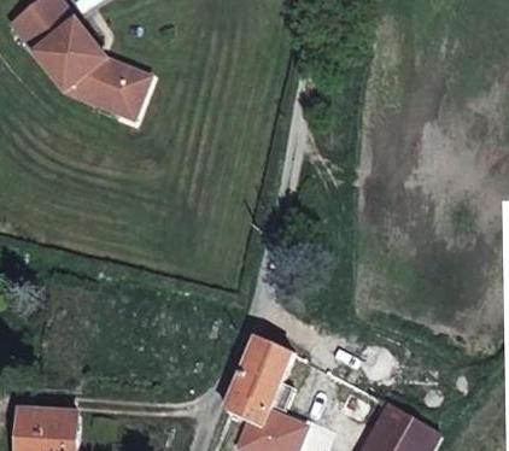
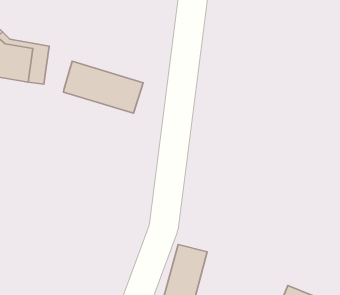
building: none -> [63,61,143,113]

